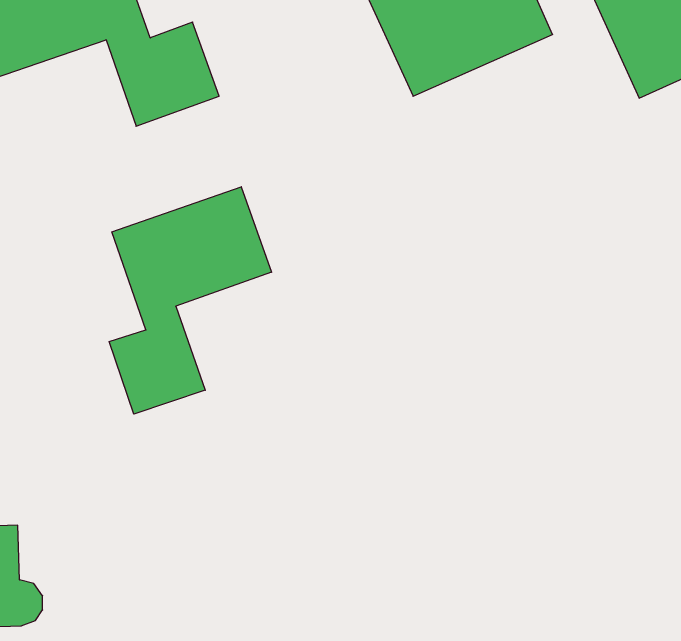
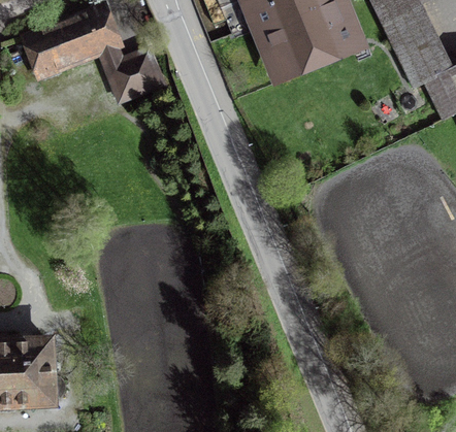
building: [109,187,272,414] -> none

